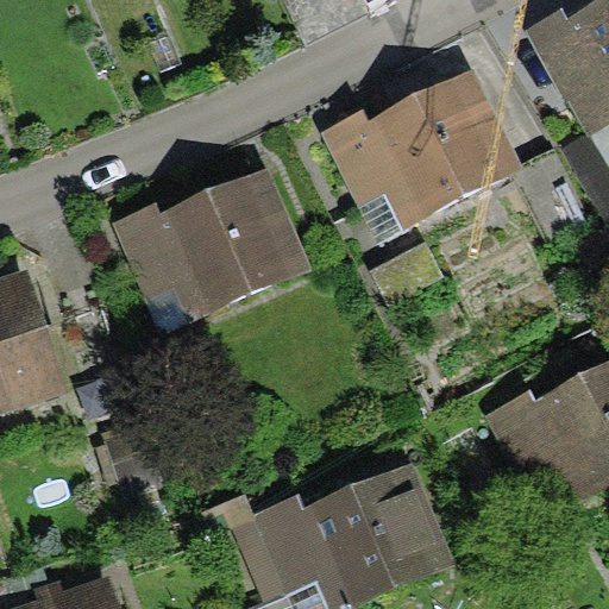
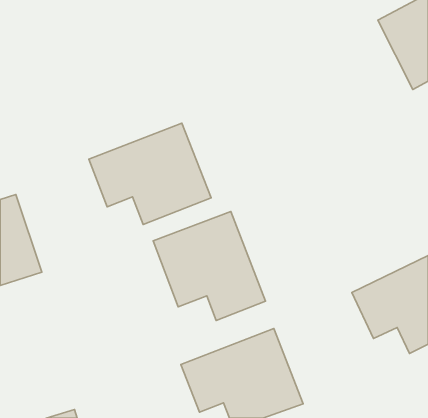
building: [328,74,506,221] -> none
building: none -> [153,211,266,320]

